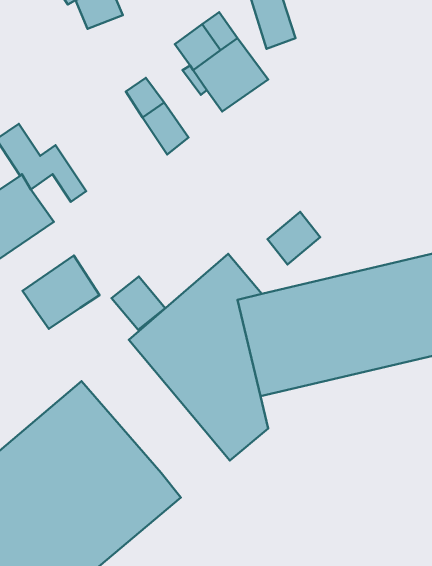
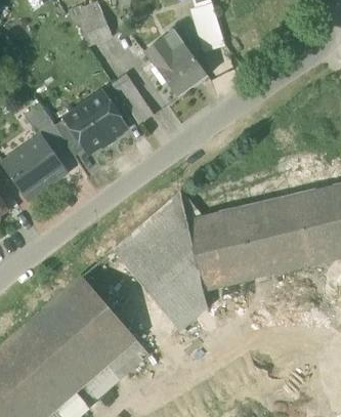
building: none -> [65,93,125,153]
building: [267,212,320,265] -> none
building: [23,256,99,329] -> none
building: [112,276,165,330] -> none

